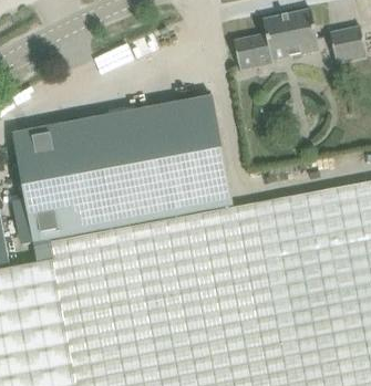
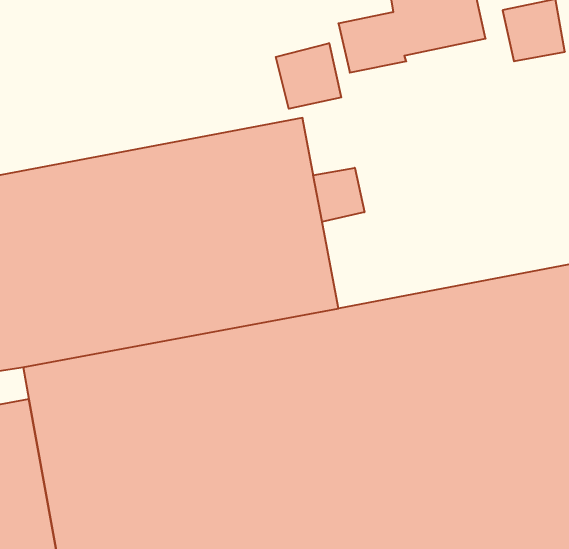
building: none -> [276,43,341,109]
building: none -> [313,168,364,222]

